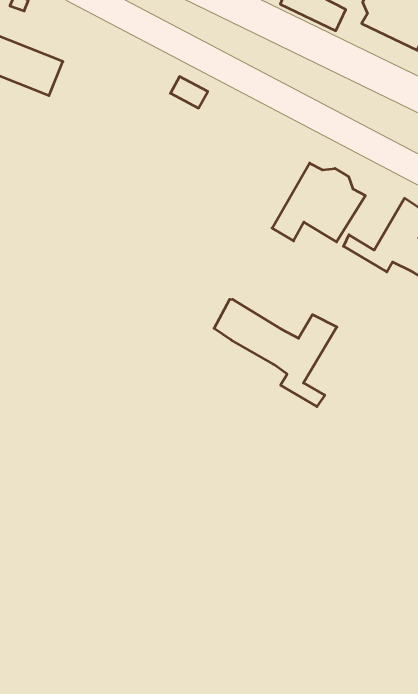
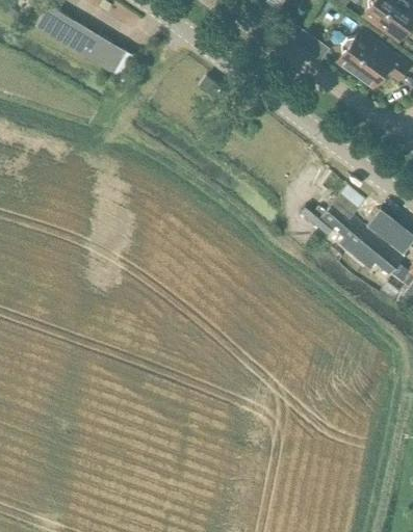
building: [272,163,365,242] -> none
building: [214,299,337,407] -> none

